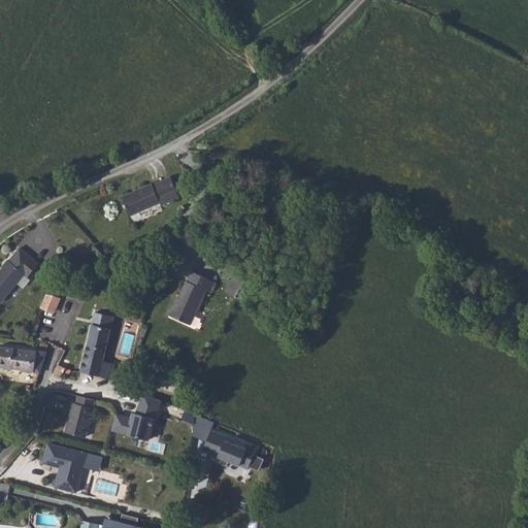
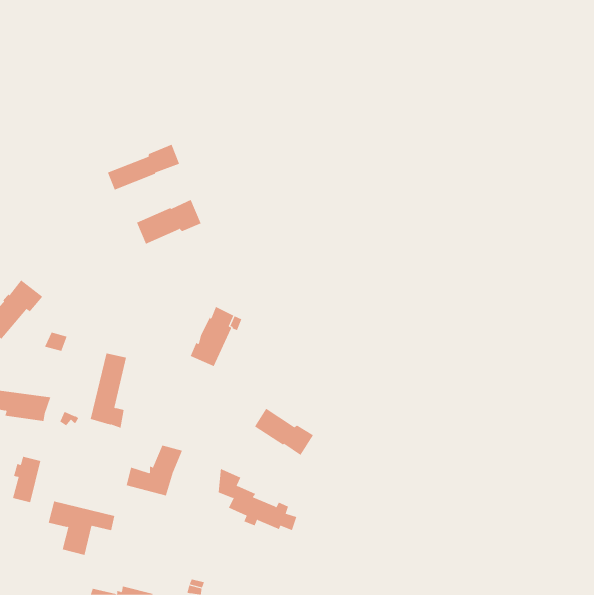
building: none -> [107,144,180,191]
building: none -> [254,408,314,456]
building: [68,396,94,437] -> [12,456,41,503]

